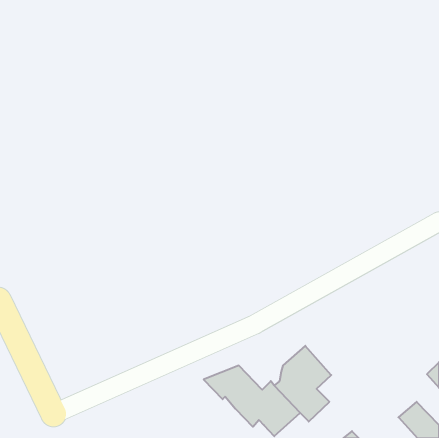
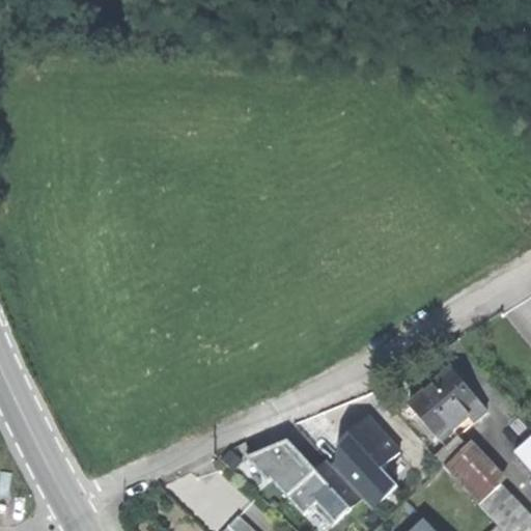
building: none -> [410,366,488,439]
building: none -> [445,446,501,502]

